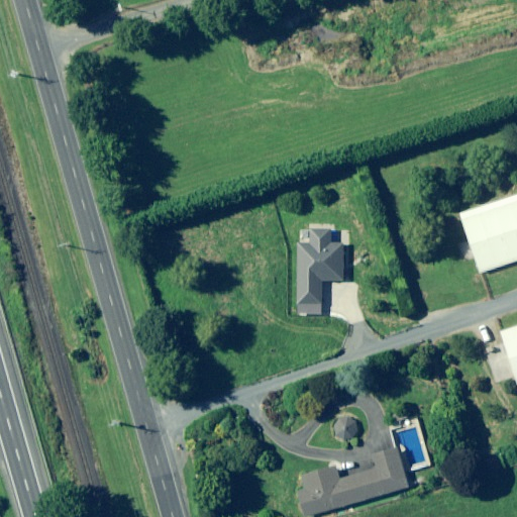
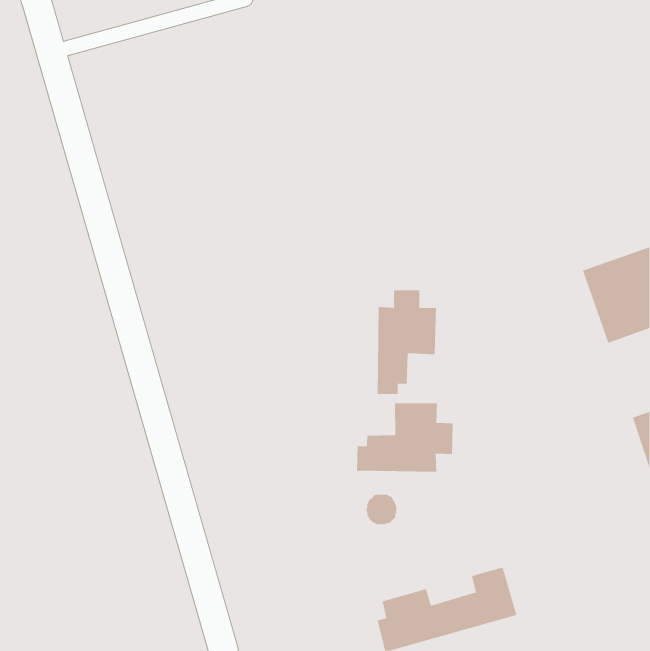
building: none -> [357,403,453,472]
building: [333,416,358,440] -> [365,494,397,525]

